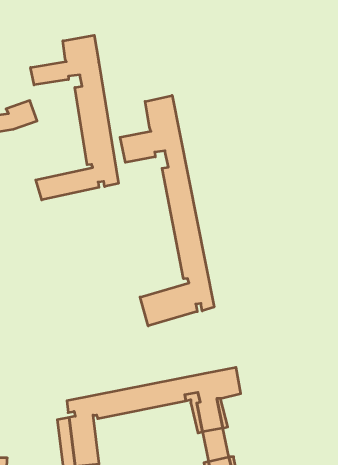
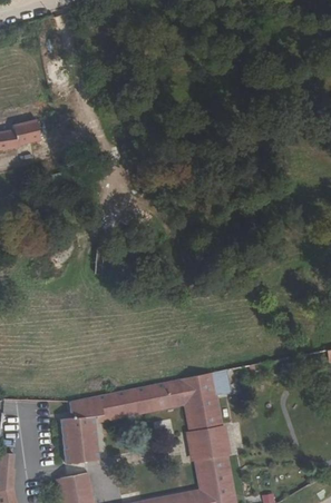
building: [31,35,118,200] -> none
building: [120,95,214,326] -> none

